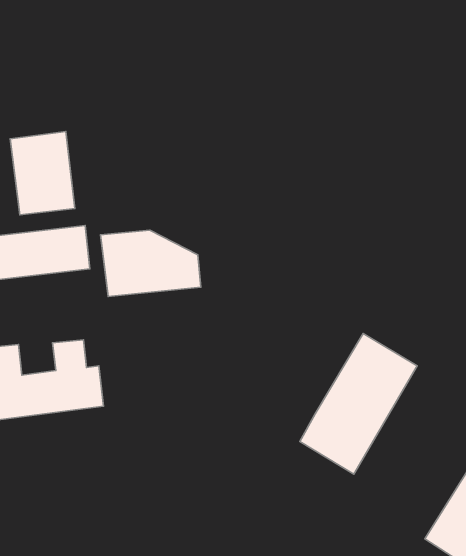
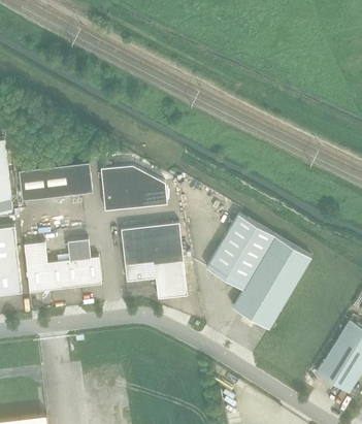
building: [10,131,75,215] -> none
building: none -> [206,214,274,289]
building: none -> [120,223,187,298]

